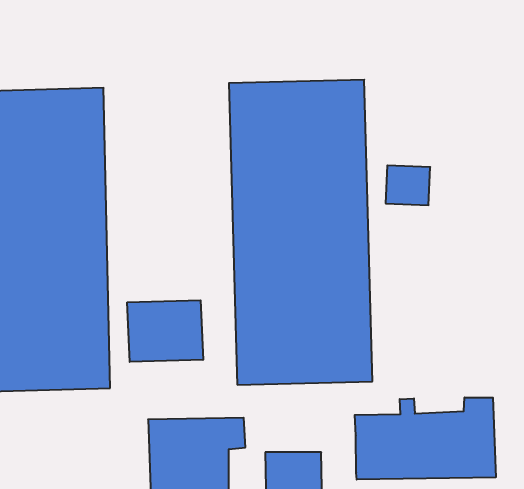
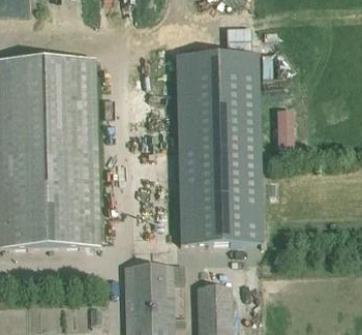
building: [127,300,203,362] -> none
building: [355,397,496,480] -> none

